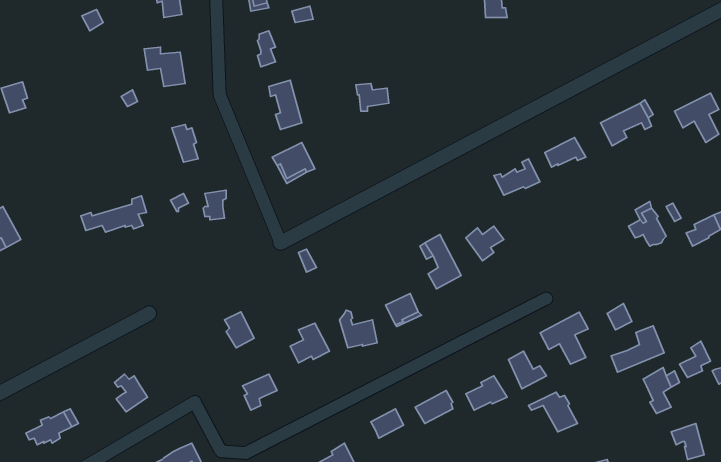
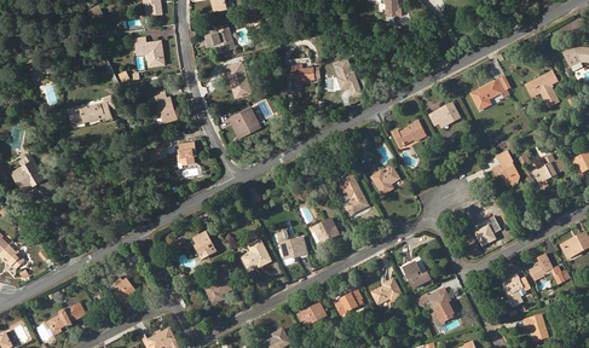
building: none -> [333,59,362,97]
building: [81,196,147,232] -> [67,95,115,122]
building: [540,312,588,364] -> none
building: [611,326,664,372] -> none

